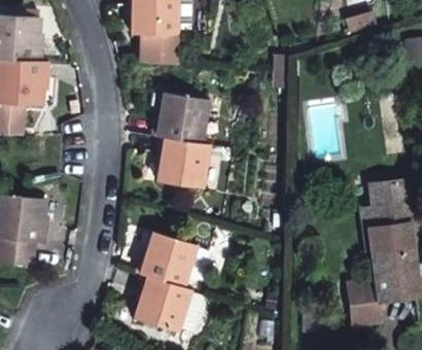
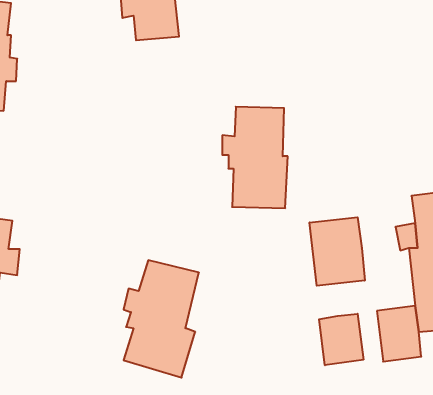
building: [151,96,206,180] -> [222,107,288,208]
building: none -> [310,217,365,286]
building: none -> [319,314,363,365]

